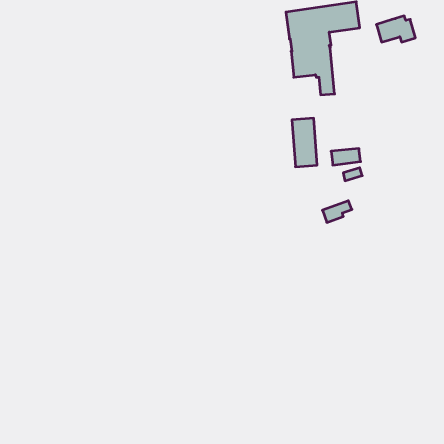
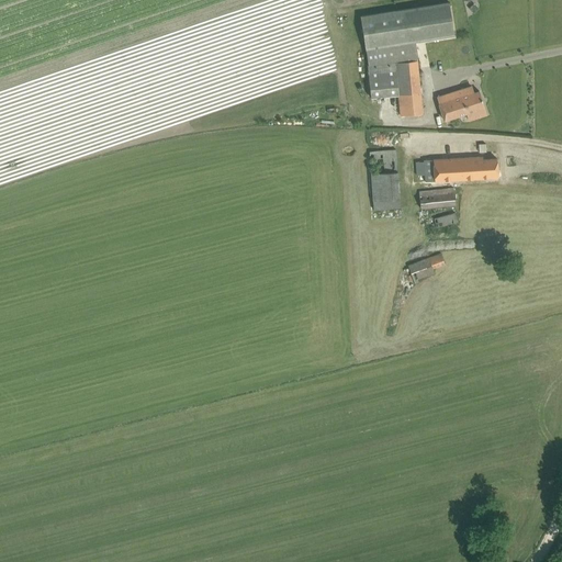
building: [376,16,415,42] -> [437,87,486,120]
building: none -> [416,157,497,181]

